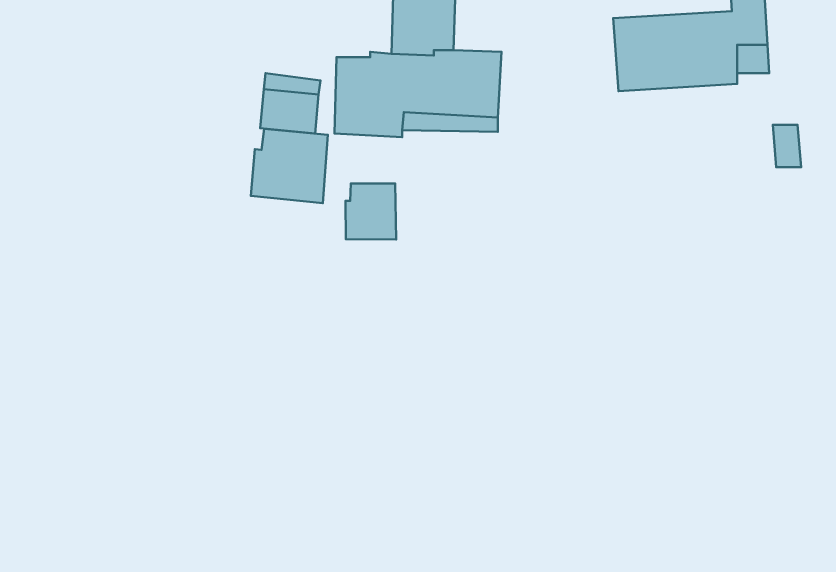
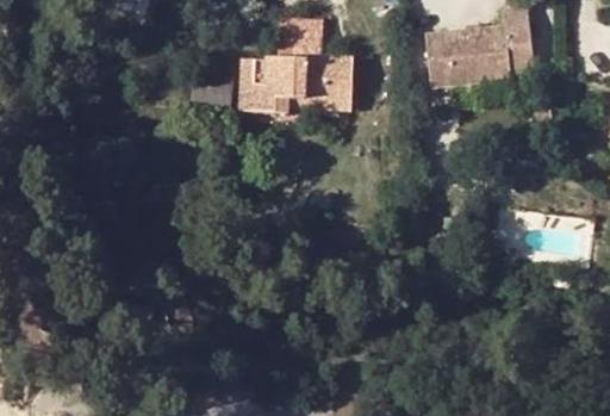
building: [251,129,328,203] -> none
building: [346,183,396,239] -> none

